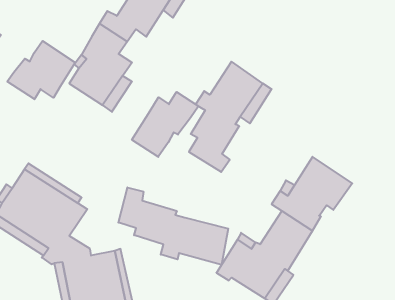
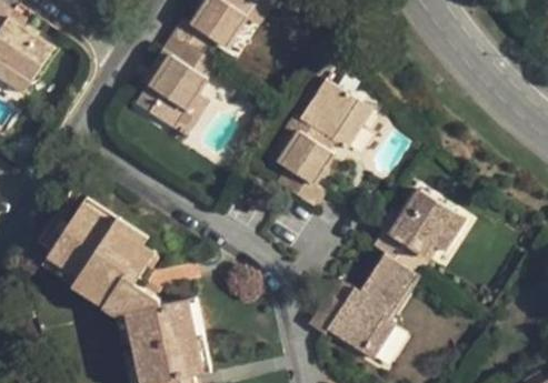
building: [7,41,75,99] -> none
building: [132,92,198,157] -> none
building: [118,187,228,265] -> none

